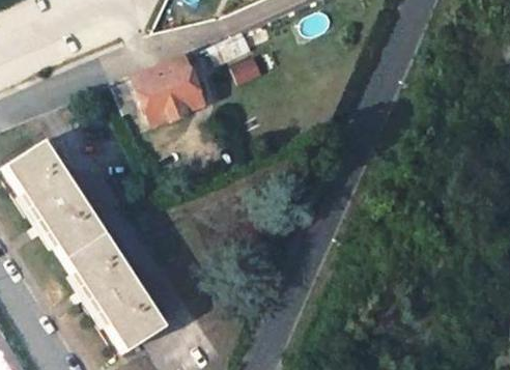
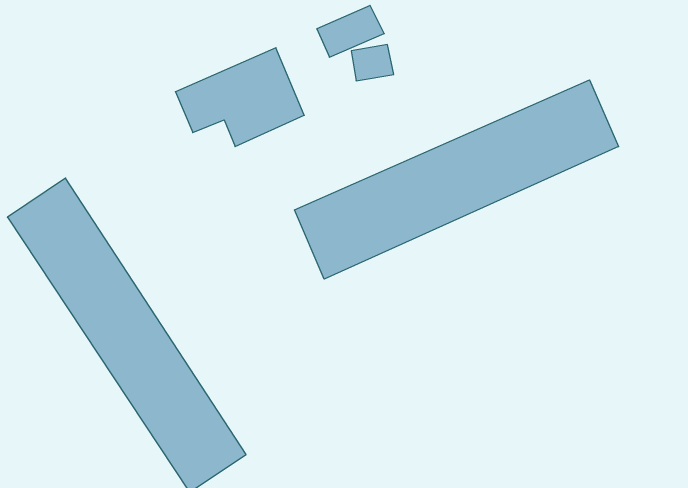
building: none -> [294,80,619,279]

